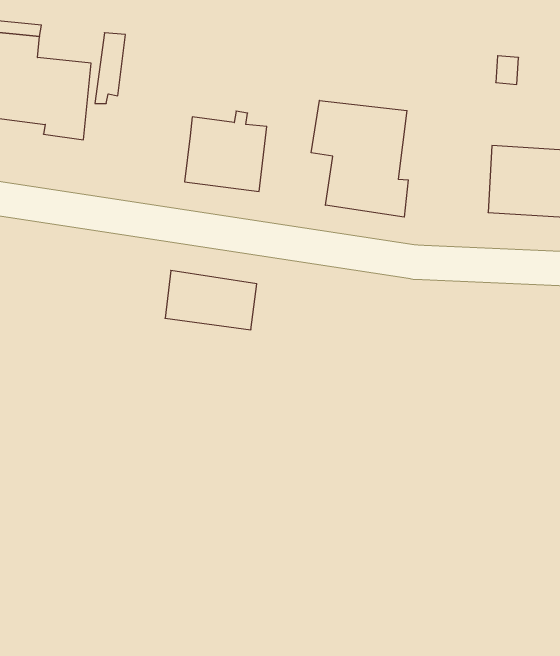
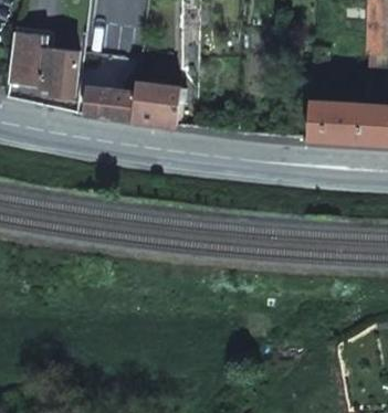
building: [311,100,408,217] -> none
building: [165,270,257,330] -> [82,87,135,121]

